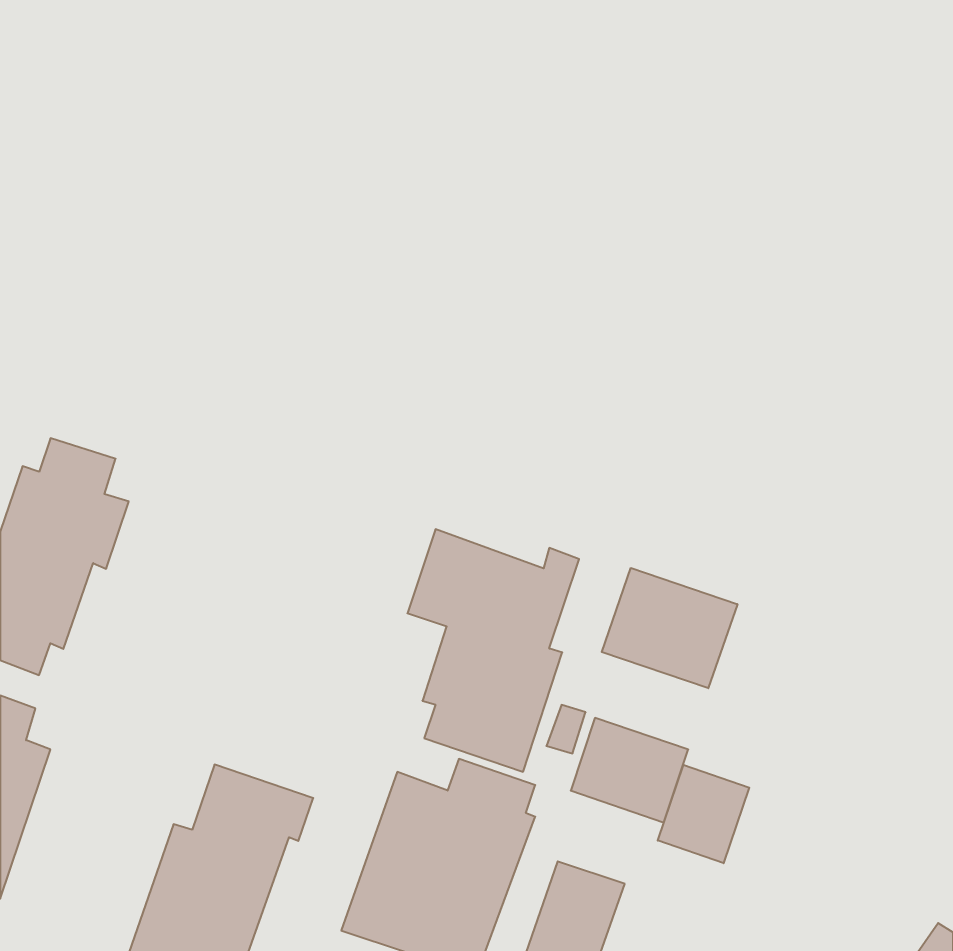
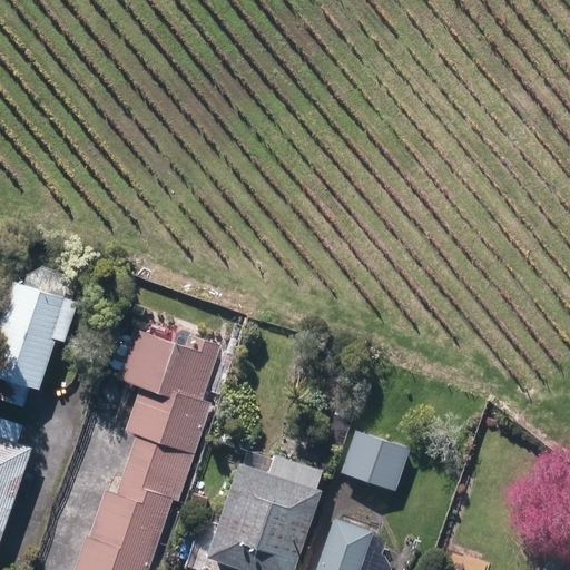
building: [407,529,579,772] -> [118,333,220,478]
building: [602,568,737,688] -> none
building: [658,765,749,863] -> none

